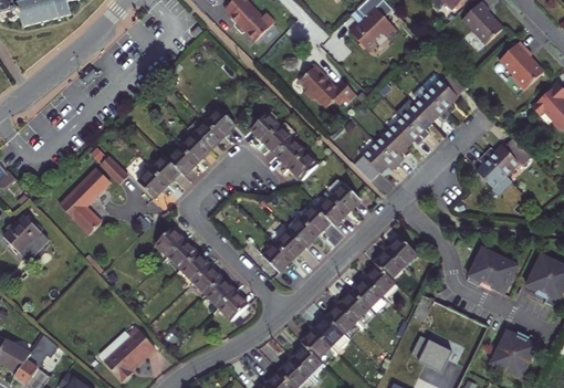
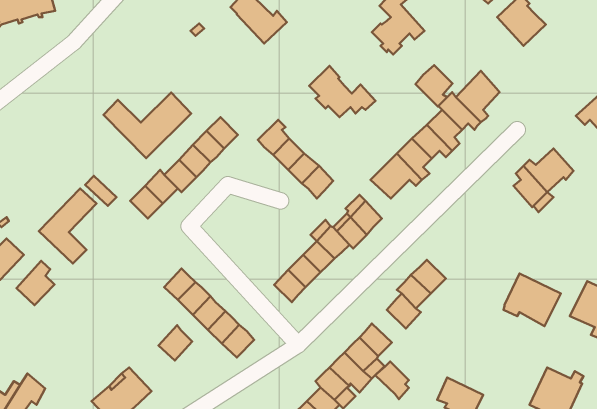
building: [499,42,544,91] -> none
building: none -> [415,65,452,106]
building: none -> [103,93,191,158]
building: [154,228,184,259] -> [158,325,192,360]
building: none -> [17,261,54,305]
building: [352,279,382,312] -> [375,362,409,399]

